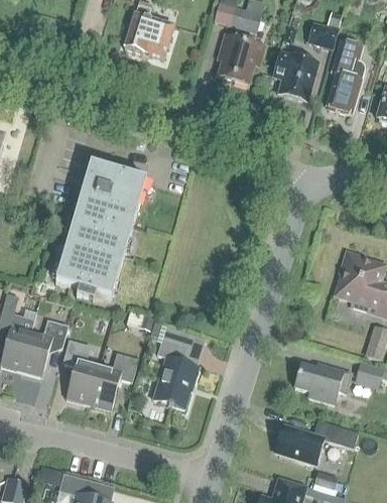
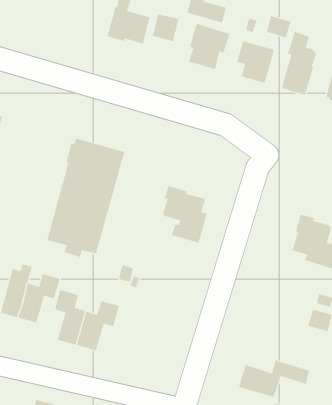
building: none -> [152,13,179,42]
building: none -> [162,185,207,244]
building: [154,338,199,407] -> none
building: [295,362,352,402] -> none

